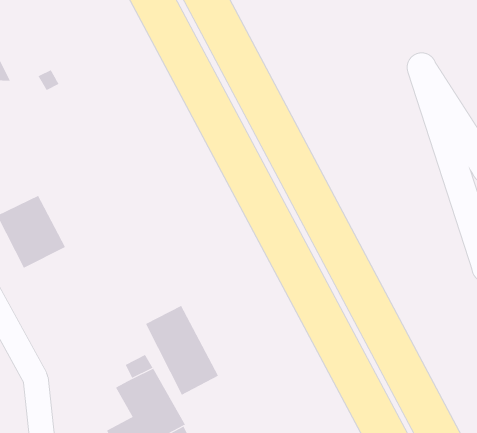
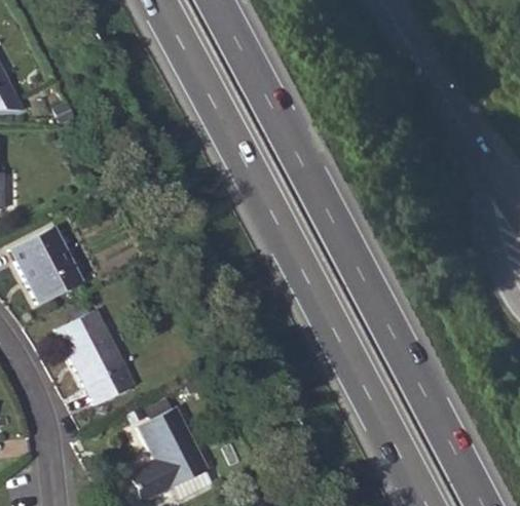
building: [145,305,219,396] -> [58,311,135,405]

